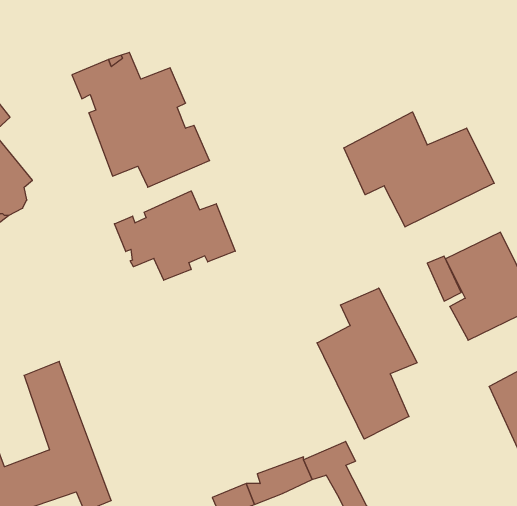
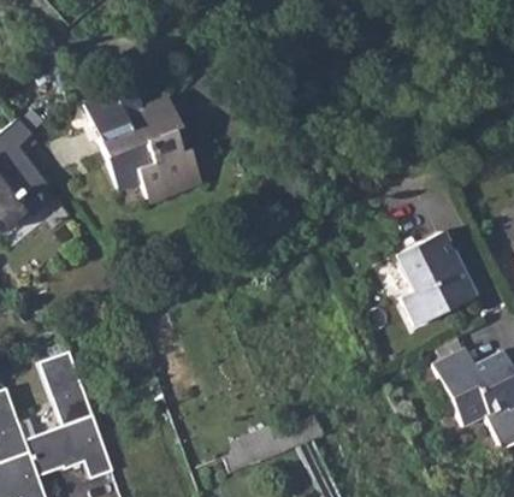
building: [344,112,494,227] -> none
building: [114,191,235,280] -> none
building: [317,288,417,439] -> none

